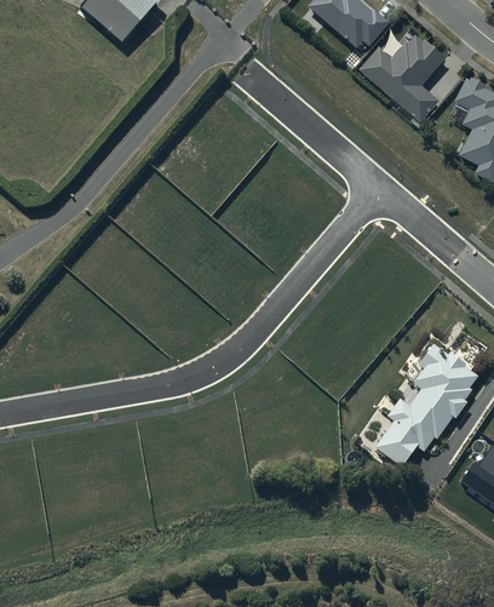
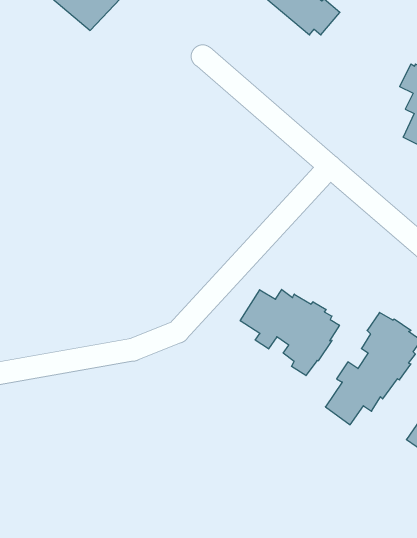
building: [358,35,444,122] -> none
building: none -> [240,289,339,376]

